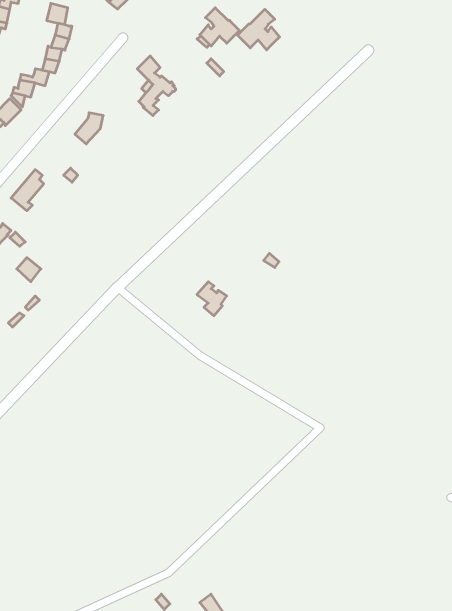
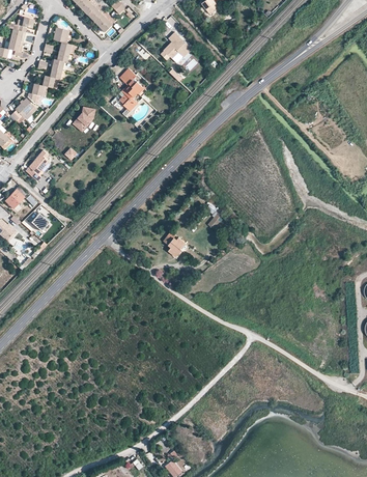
building: [238,9,280,50] -> none

